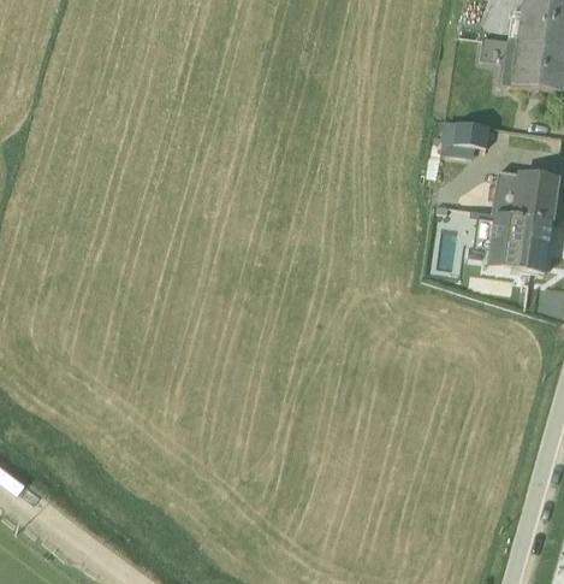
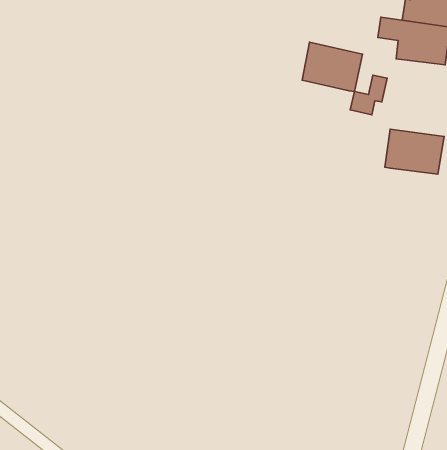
building: none -> [302,42,363,92]
building: [475,212,553,272] -> none

